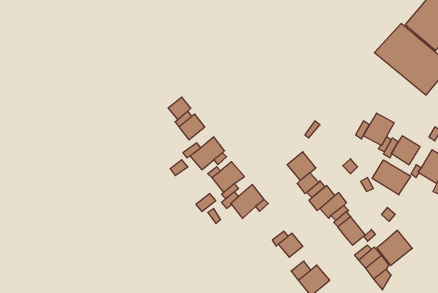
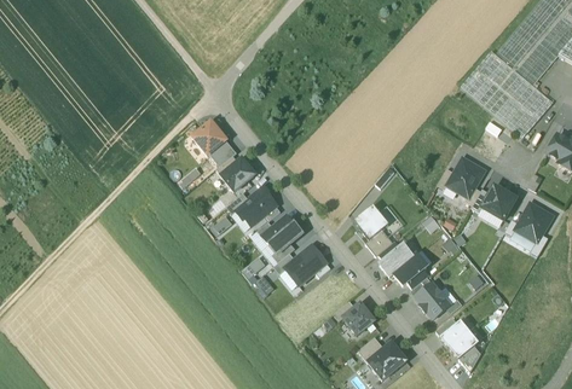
building: none -> [193,121,226,153]
building: [372,160,410,195] -> none
building: [377,230,412,266] -> none

